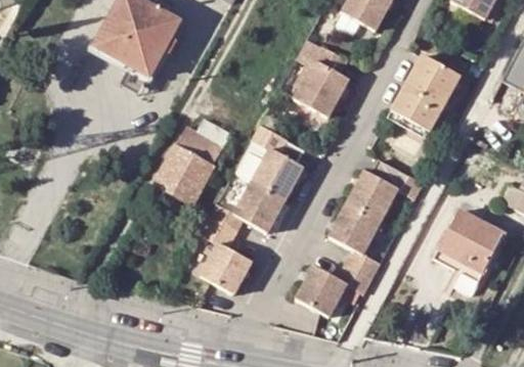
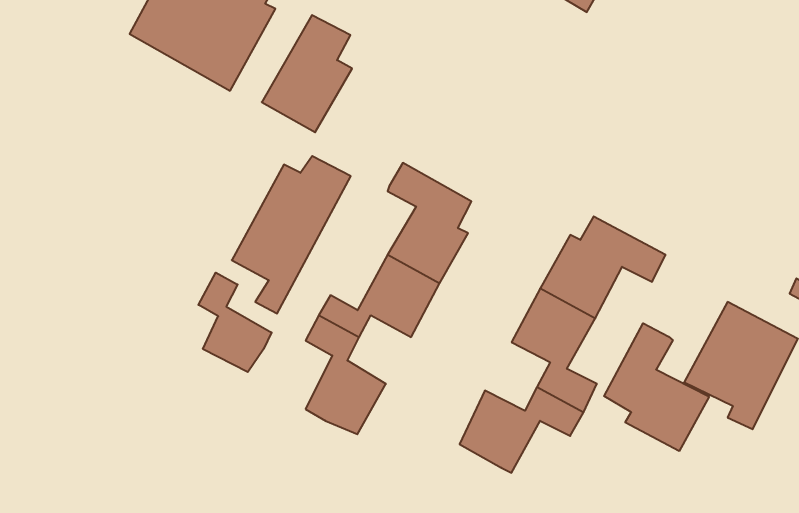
building: [293,47,348,119] -> [262,15,352,132]
building: [391,56,458,131] -> none
building: none -> [198,273,272,372]
building: none -> [604,323,709,451]

